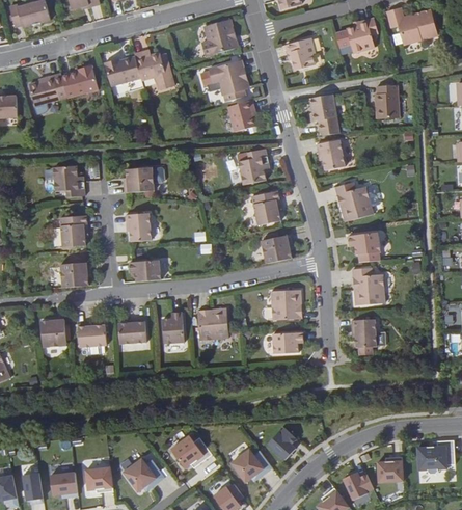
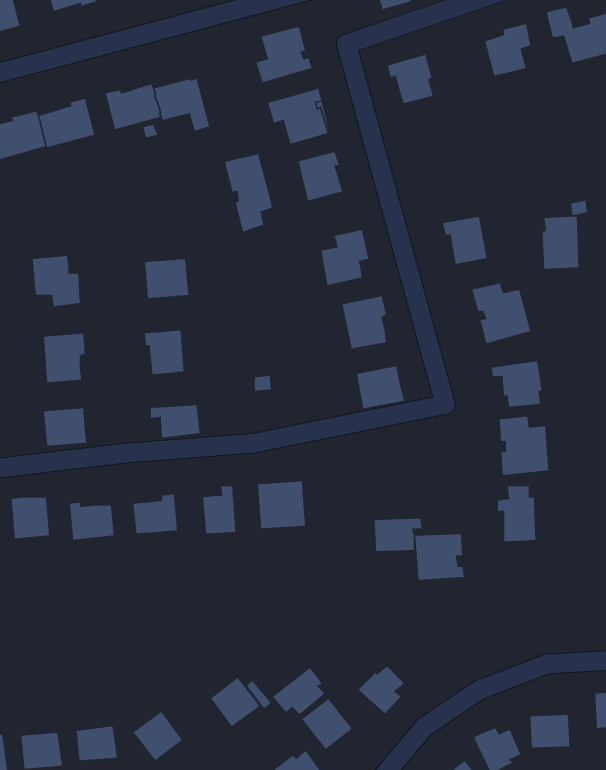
building: [375,84,399,118] -> [542,216,579,269]
building: [307,93,335,135] -> none
building: none -> [224,154,273,232]
building: [273,291,305,321] -> [415,534,465,581]
building: none -> [272,667,325,715]

